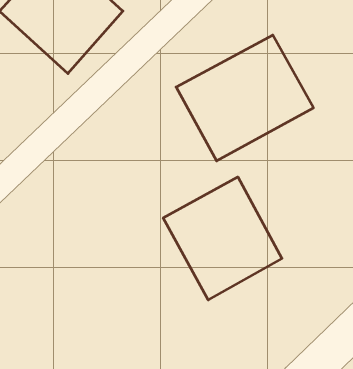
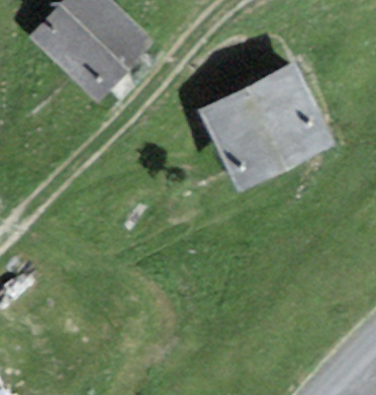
building: [163,177,282,300] -> none

